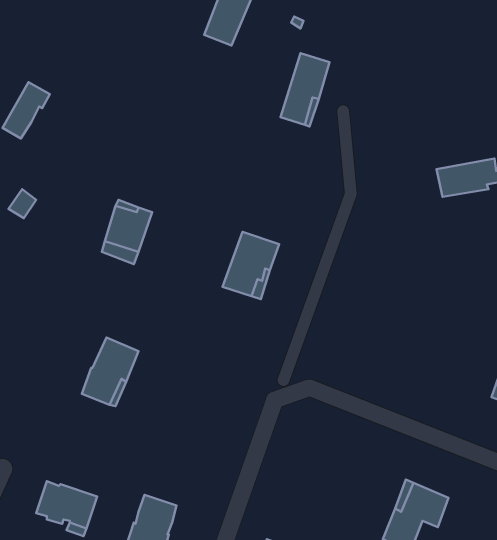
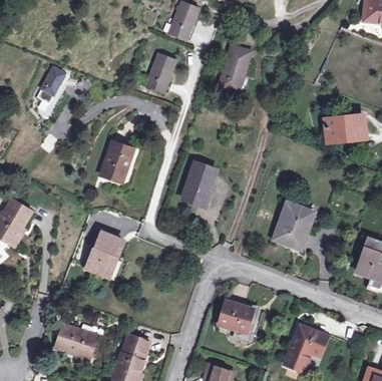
building: none -> [144,54,175,93]
building: none -> [272,204,314,252]
building: none -> [218,300,259,335]

